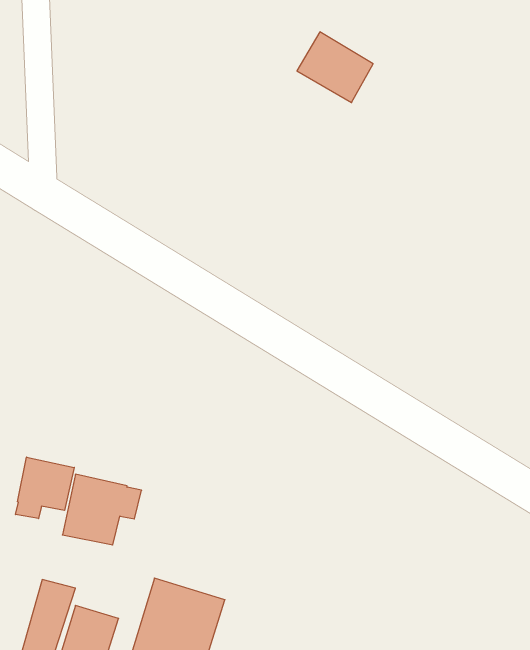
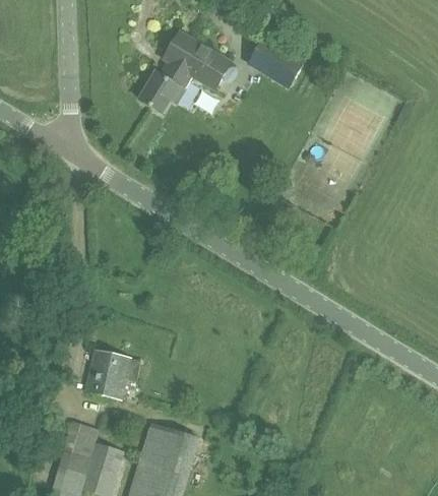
building: none -> [138,34,230,114]
building: [16,457,74,519] -> none

